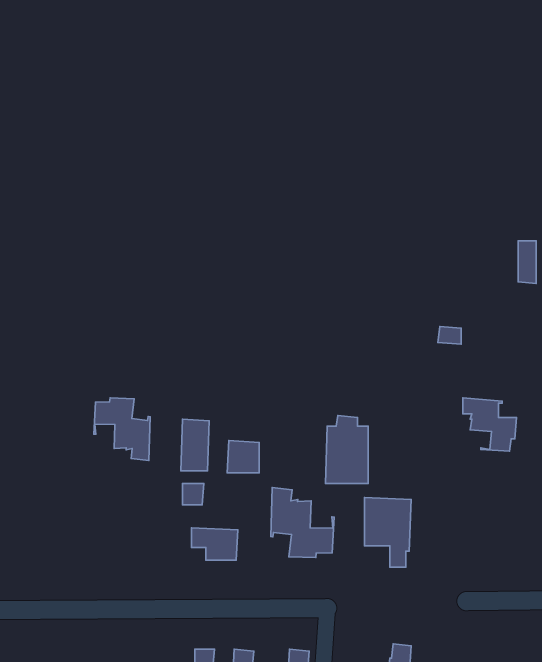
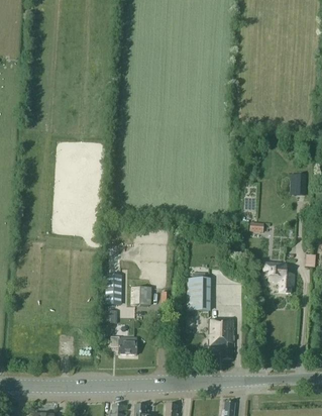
building: [94,398,150,461] -> none
building: [271,487,334,558] -> none

